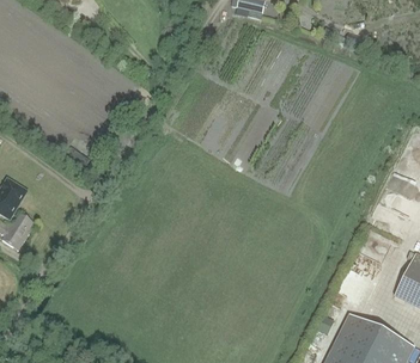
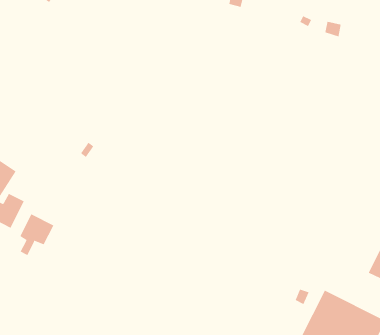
building: none -> [19,214,54,256]

